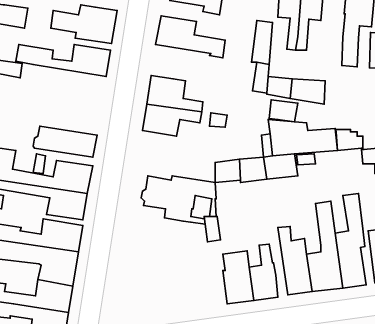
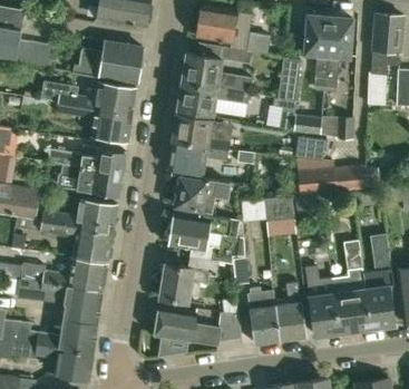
building: none -> [178,82,250,116]
building: none -> [57,103,132,143]
building: none -> [47,145,126,174]
building: none -> [174,178,230,212]
building: none -> [159,257,217,303]
building: none -> [153,300,242,346]

